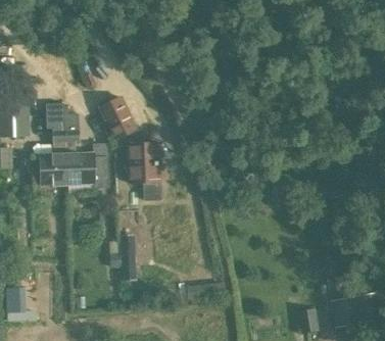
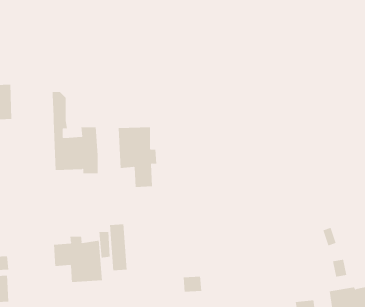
building: [99,97,136,140] -> none
building: [40,103,67,186] -> none
building: none -> [53,236,103,283]

